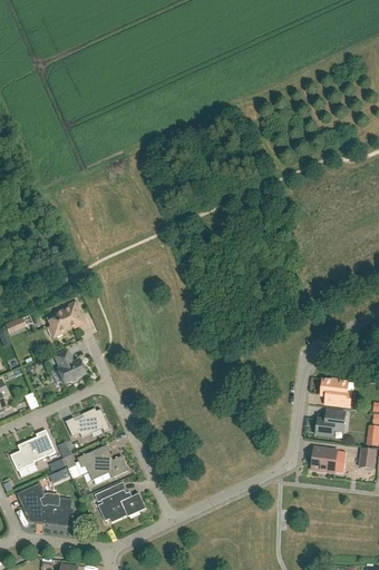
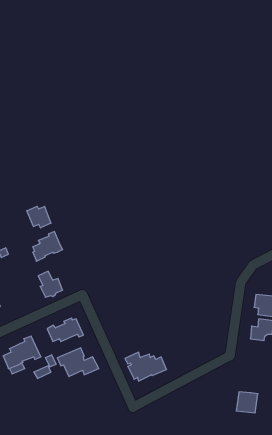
building: none -> [27,206,51,228]
building: [310,446,337,472] -> [236,392,258,413]
building: [17,483,74,525] -> none
building: [94,487,145,522] -> [125,352,167,381]

